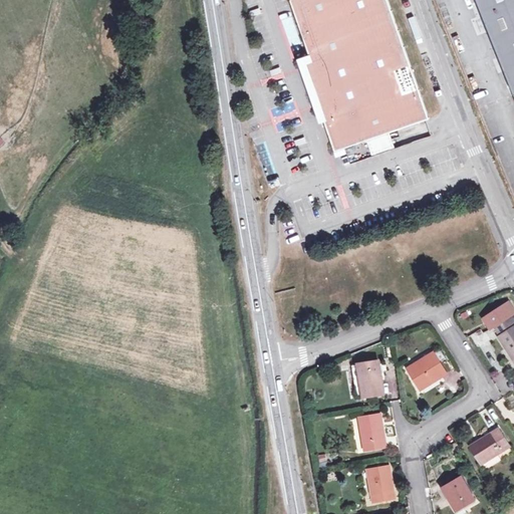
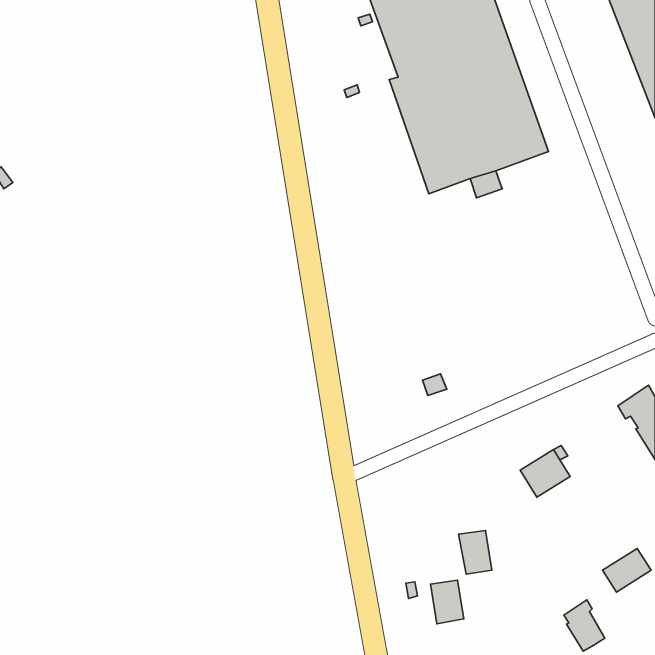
building: [357,360,383,396] -> none
building: [367,467,394,501] -> [431,580,464,624]

